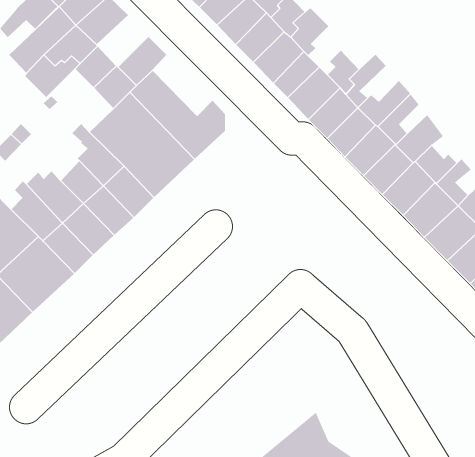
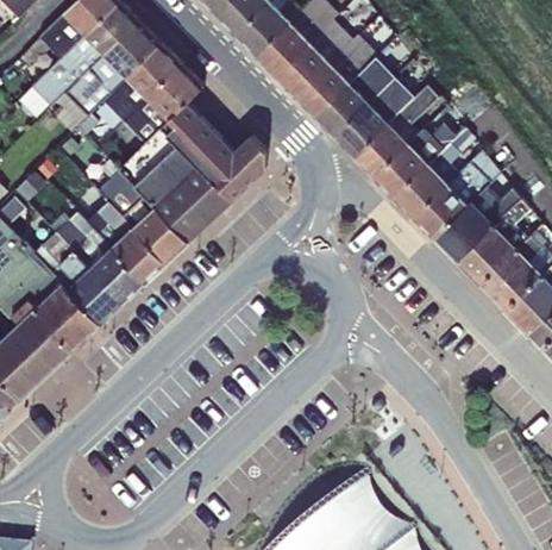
building: none -> [353,39,401,107]
building: none -> [125,43,181,99]

